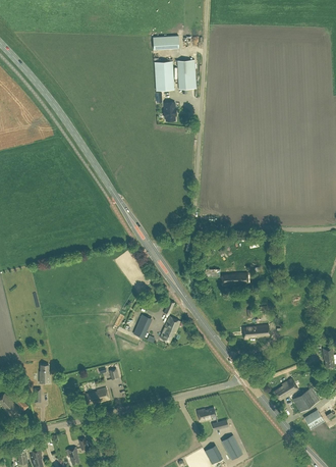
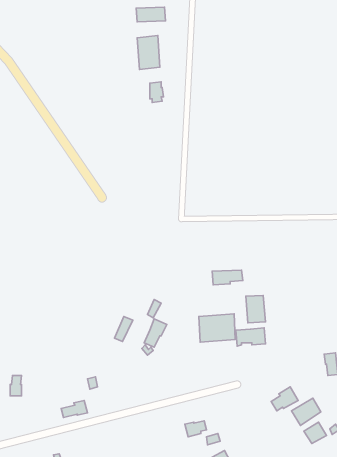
building: [176,59,195,89] -> none
building: none -> [246,295,265,323]
building: none -> [199,314,235,342]

